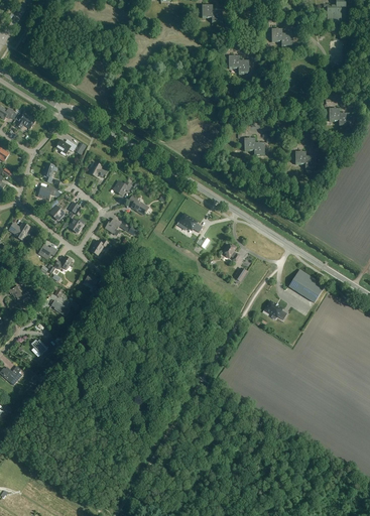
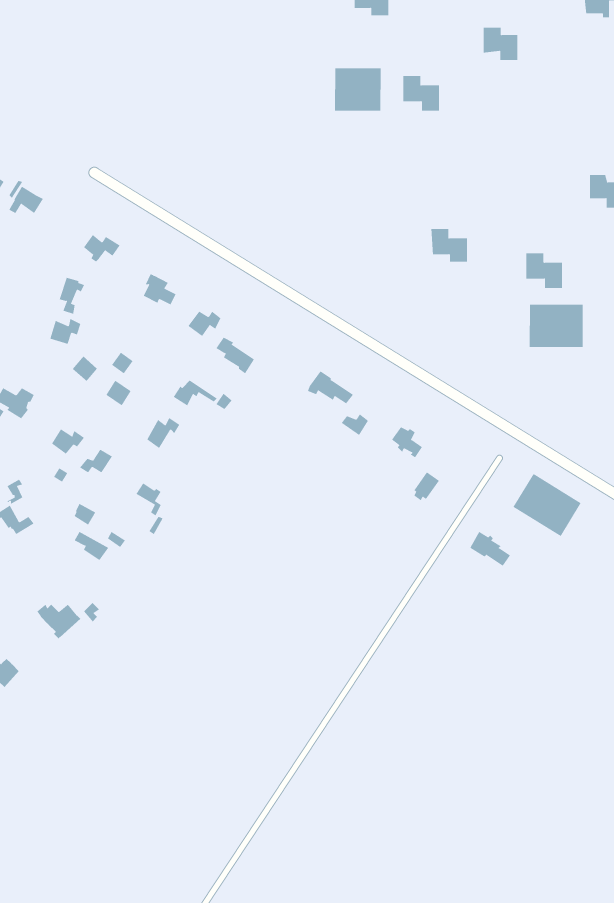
building: none -> [335,68,381,112]
building: none -> [529,304,583,348]

